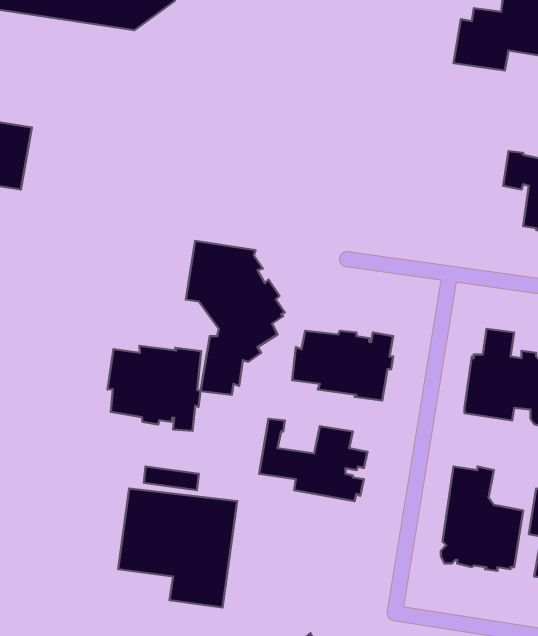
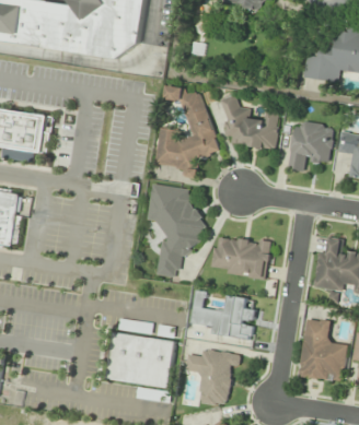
building: none -> [153,85,220,178]
building: none -> [219,96,277,150]
building: none -> [287,122,332,170]
building: [107,346,201,431] -> none
building: none -> [185,350,240,405]

